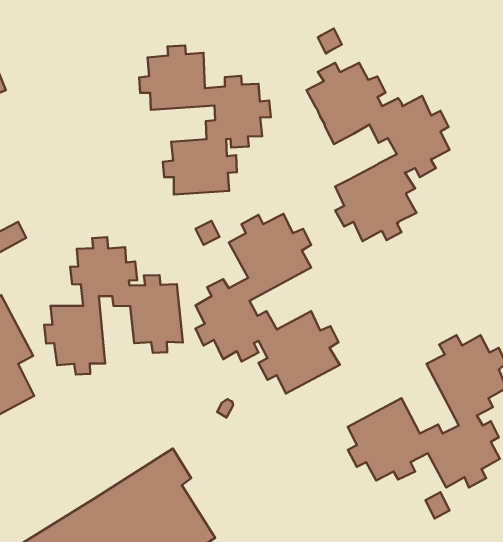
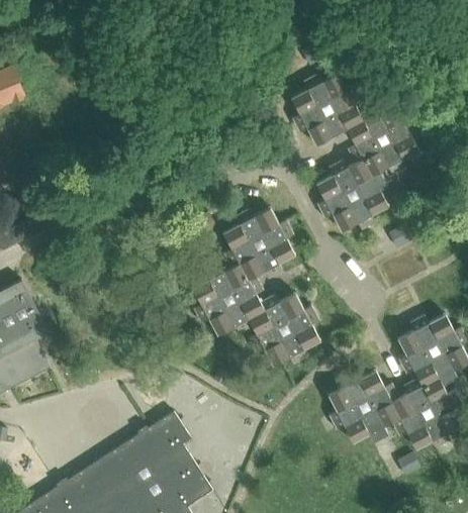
building: [139,45,271,195] -> none
building: [44,237,183,375] -> none

